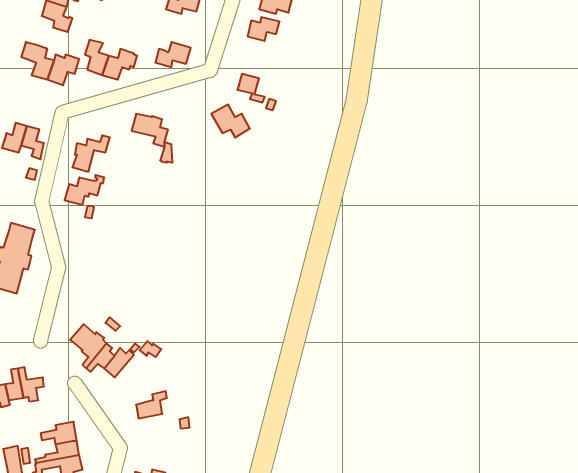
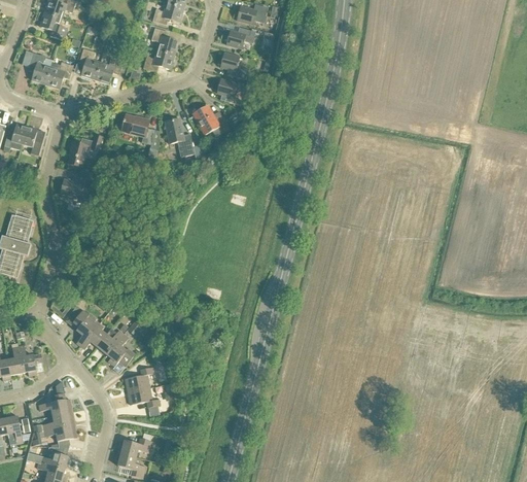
building: none -> [149,27,177,55]
building: none -> [219,51,247,78]
building: none -> [164,117,194,156]
building: none -> [105,333,135,371]
building: none -> [127,386,160,407]

